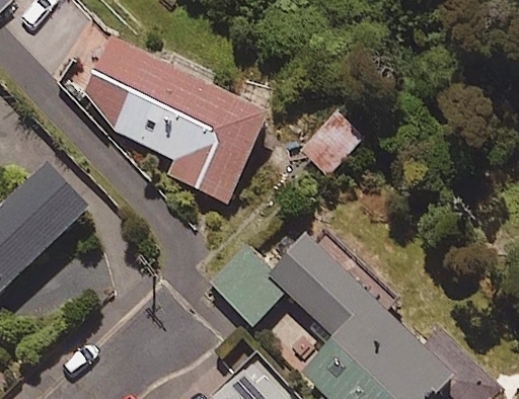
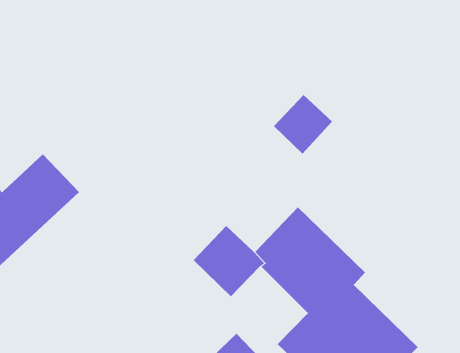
building: [84,36,267,200] -> none

